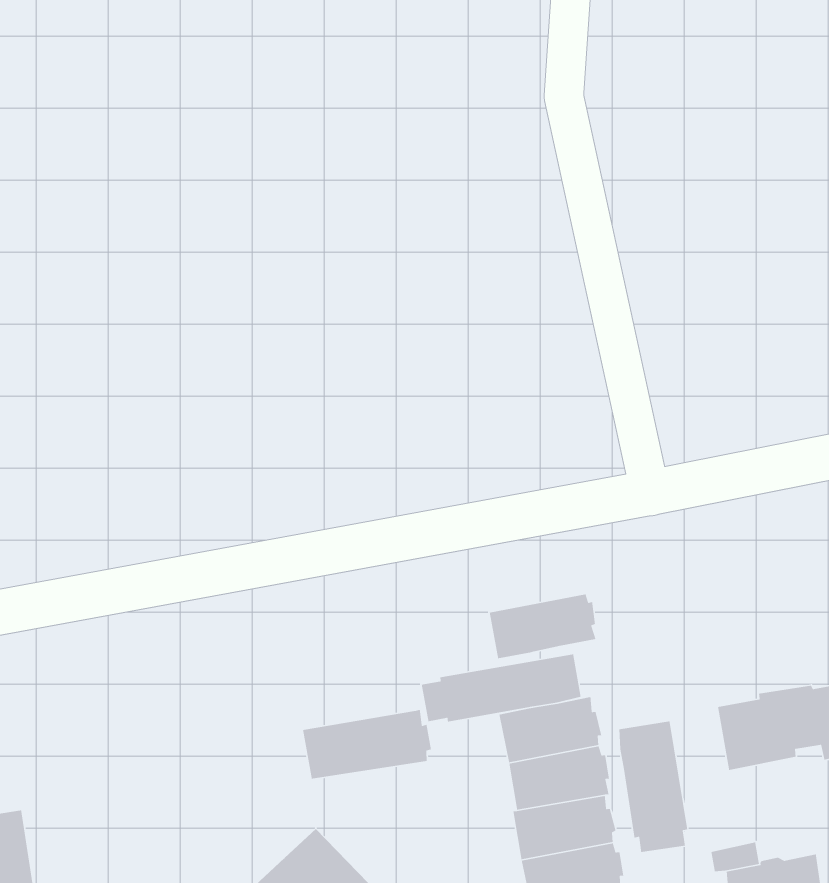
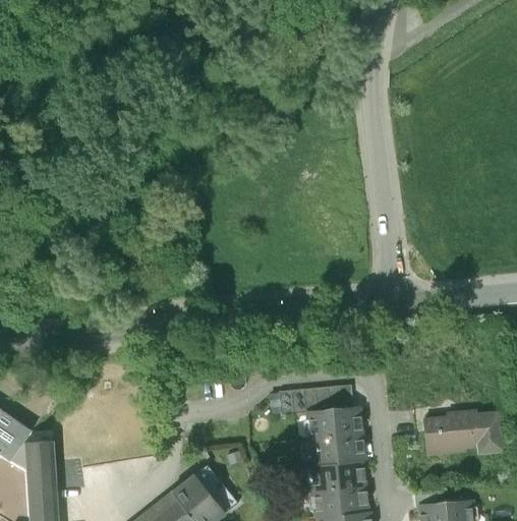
building: [489,594,596,659] -> none
building: [302,709,432,780] -> none
building: [618,720,688,853] -> none

